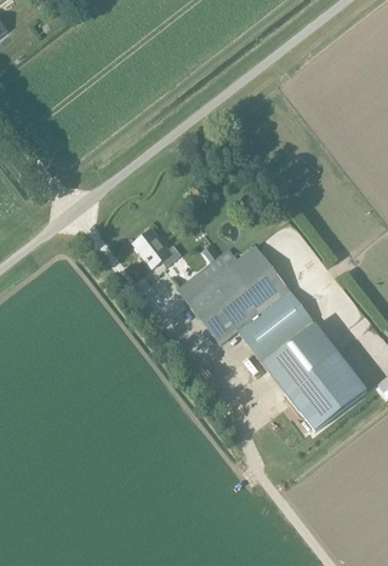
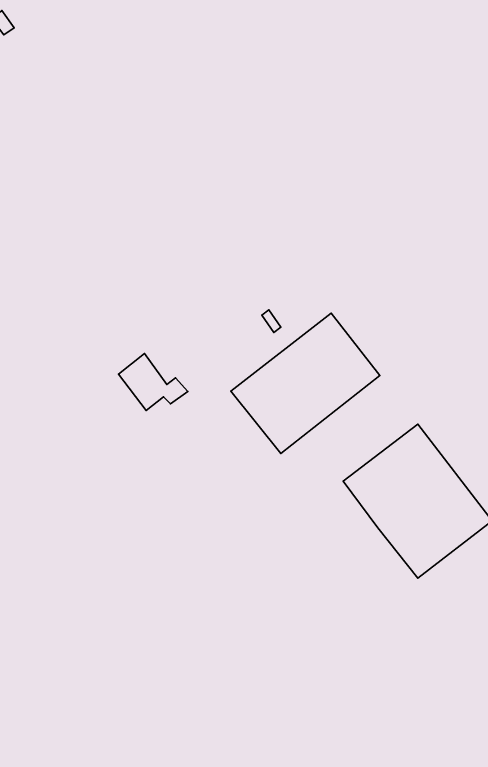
building: [132,227,181,267] -> [118,354,188,411]
building: [238,290,315,362] -> none

